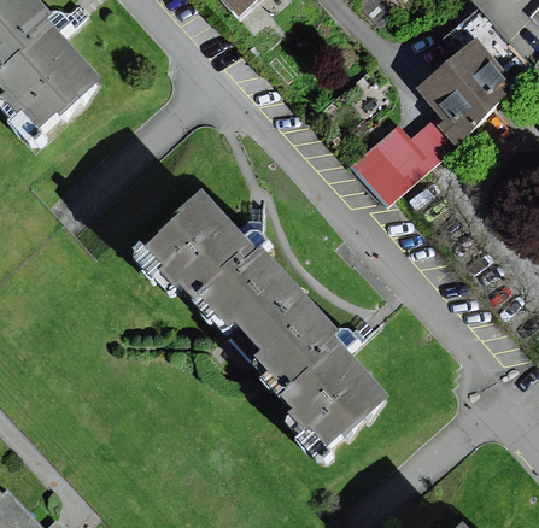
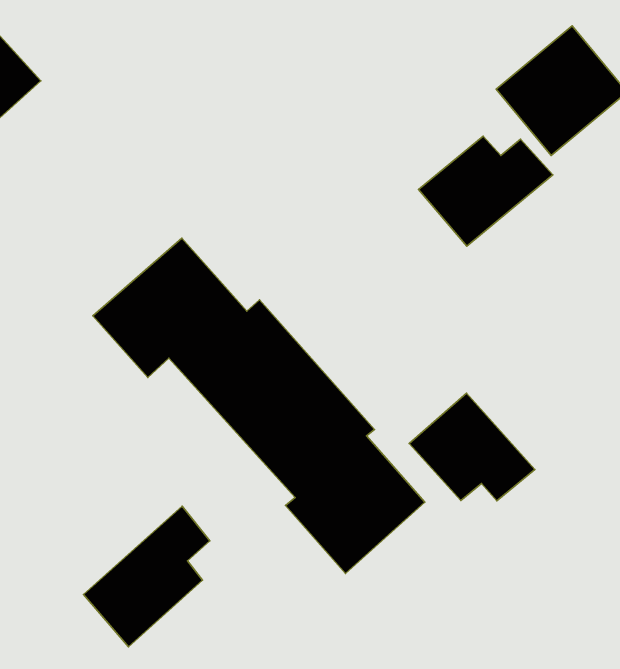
building: none -> [409,393,535,501]
building: none -> [84,506,210,647]

